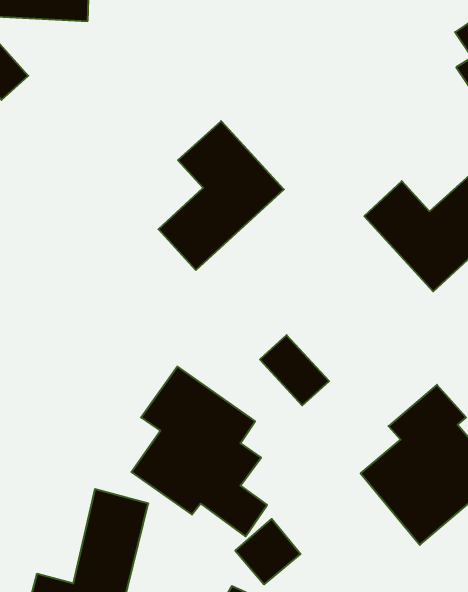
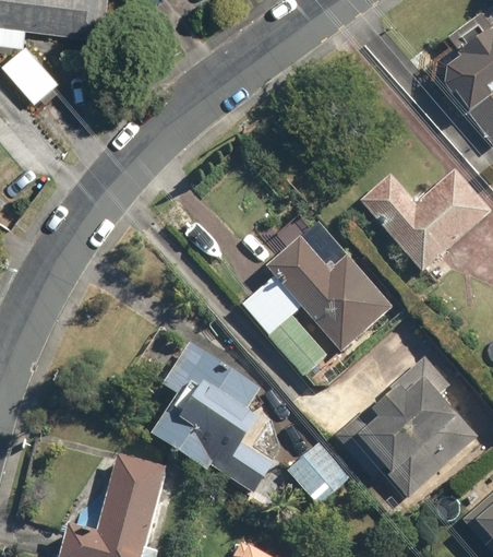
building: [158,121,284,270] -> none
building: none -> [268,238,393,352]
building: [235,519,301,584] -> [290,442,349,501]

